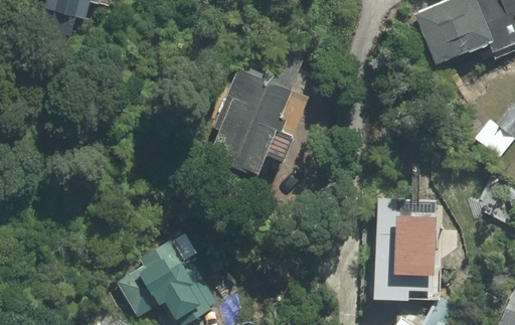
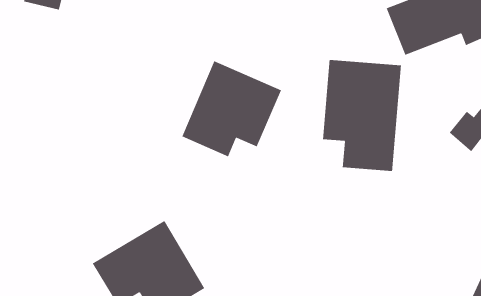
building: none -> [322,59,401,172]
building: [373,199,442,299] -> none

